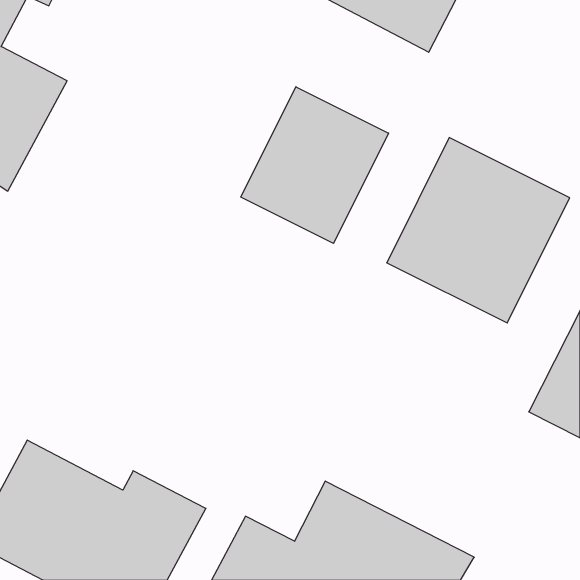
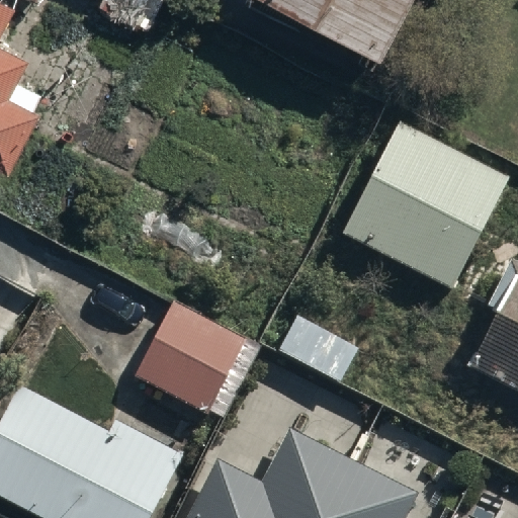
building: [241,87,389,243] -> none
building: none -> [137,305,247,416]

